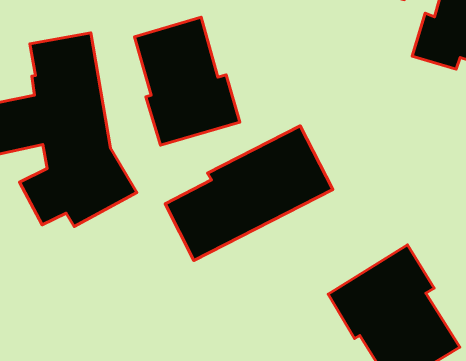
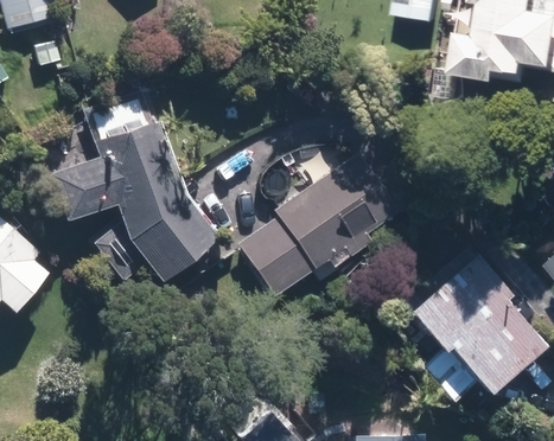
building: [134,17,240,145] -> none

